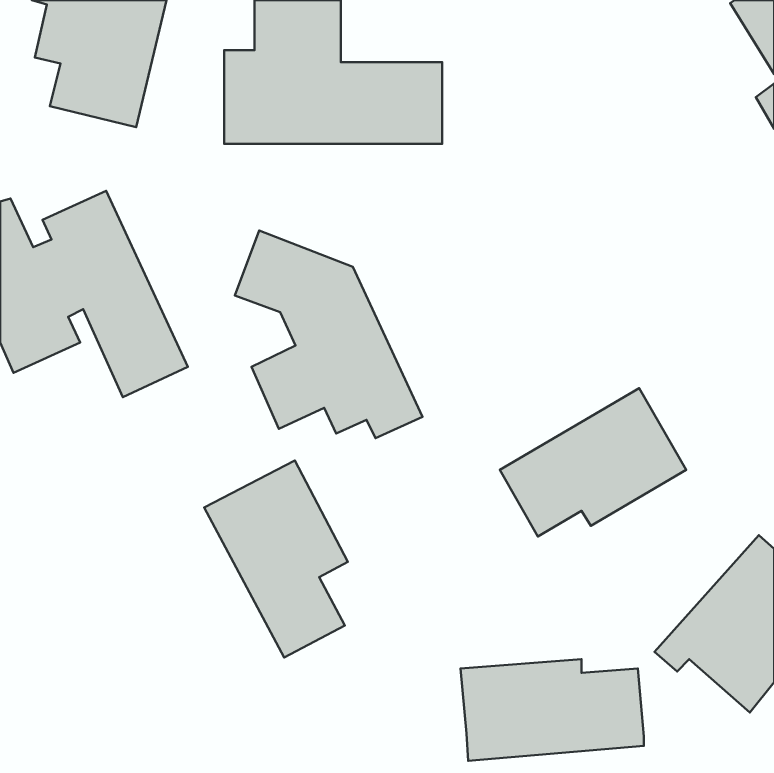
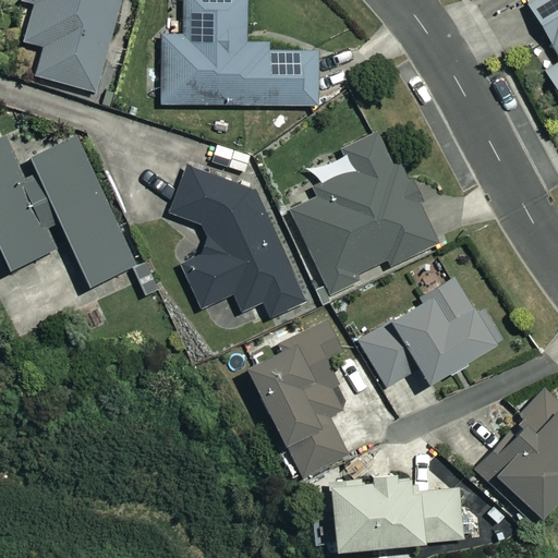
building: none -> [290,129,437,294]
building: [204,460,348,657] -> [245,333,349,475]

